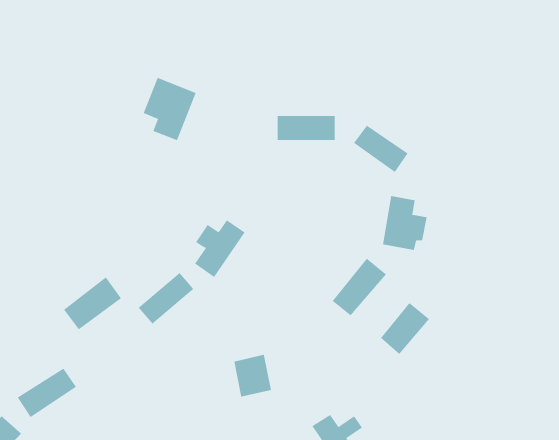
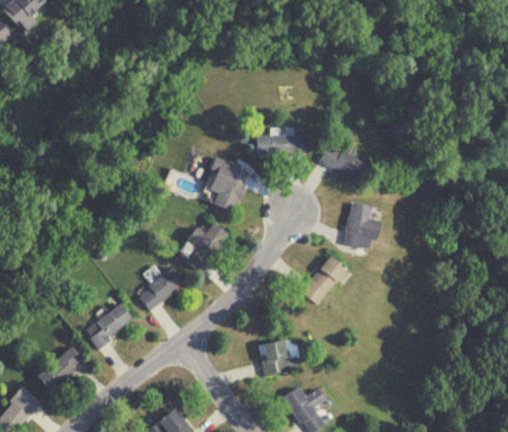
building: [143,77,197,141] -> [204,158,249,211]
building: [63,276,122,330] -> [84,302,133,347]
building: [380,302,430,355] -> none
building: [233,354,272,397] -> [259,339,291,376]

